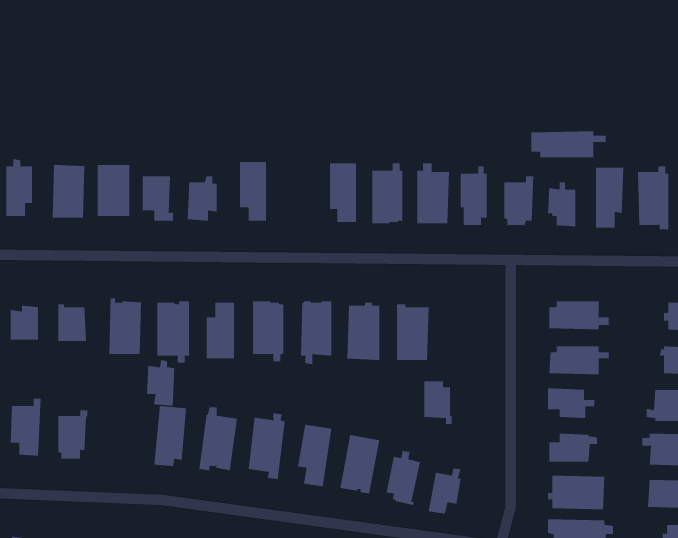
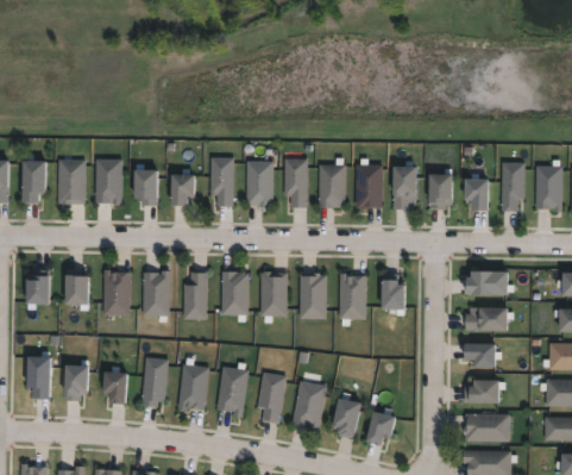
building: [531,131,606,158] -> none
building: none -> [246,161,274,206]
building: [146,360,175,406] -> [100,367,124,405]
building: [423,381,452,424] -> [379,280,403,315]

